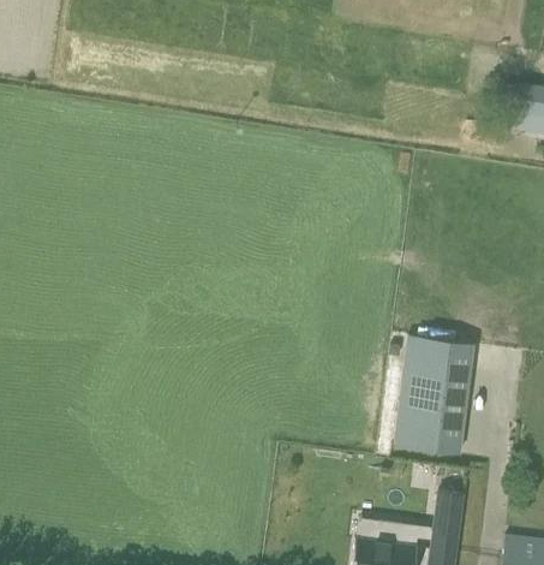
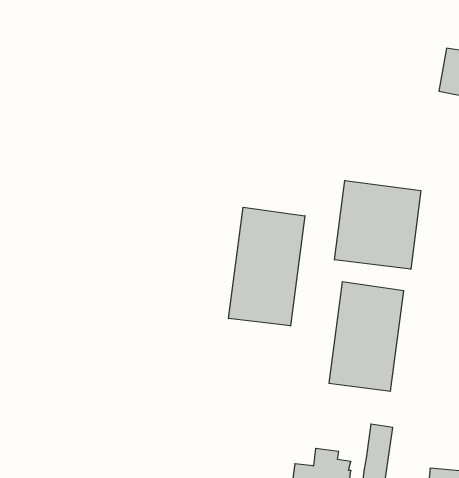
building: none -> [335,180,421,269]
building: none -> [229,207,305,326]

